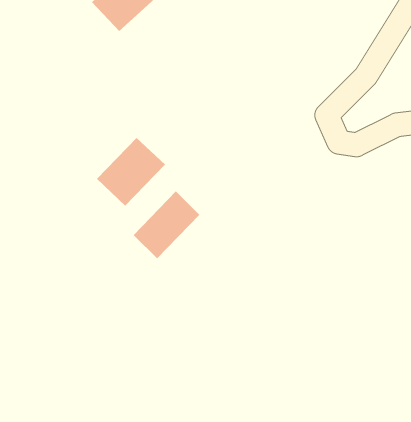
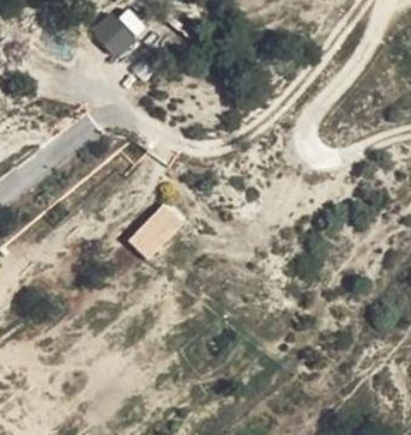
building: [96,137,166,206] -> none

